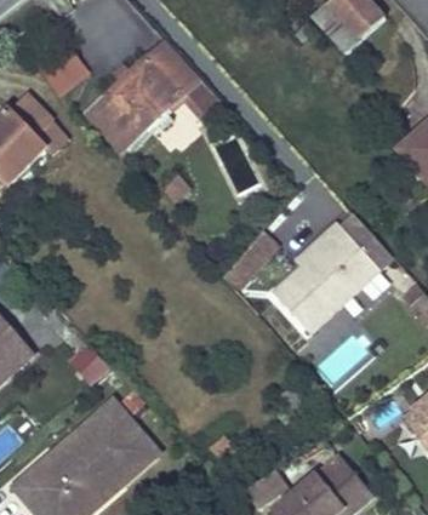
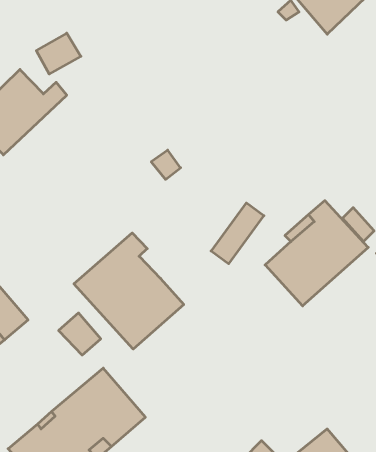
building: [85,41,196,148] -> none
building: none -> [74,233,184,349]

